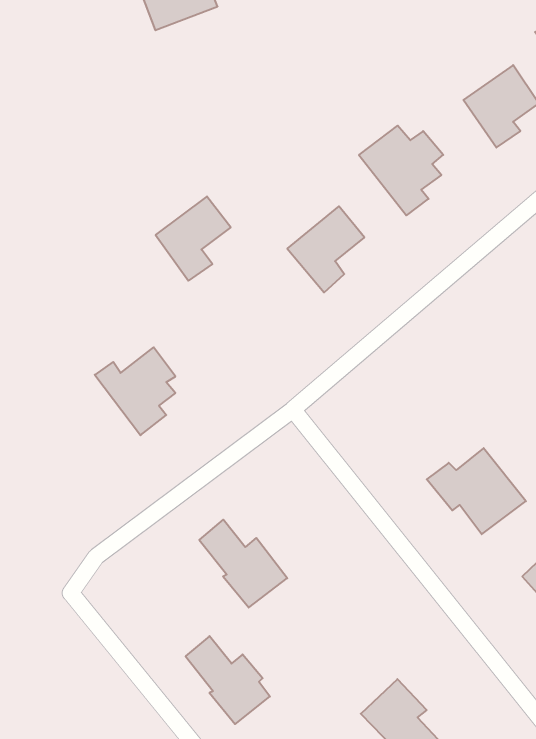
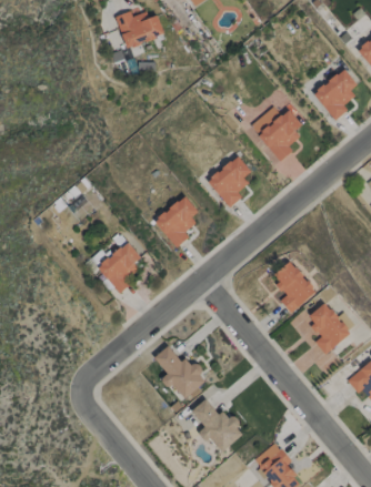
building: [156,196,231,281] -> [156,196,201,247]
building: none -> [272,261,317,313]
building: [186,636,270,724] -> [192,398,243,452]

